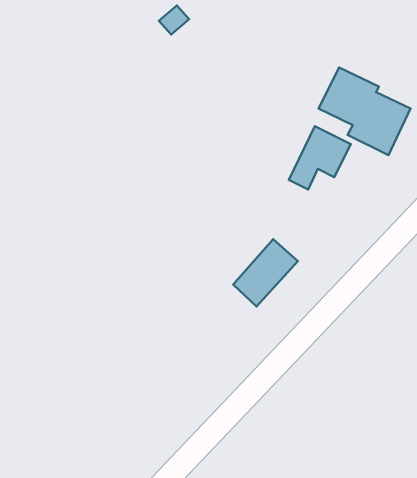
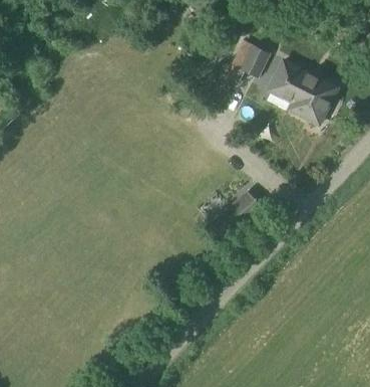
building: [289,126,351,189] -> [225,40,270,86]

